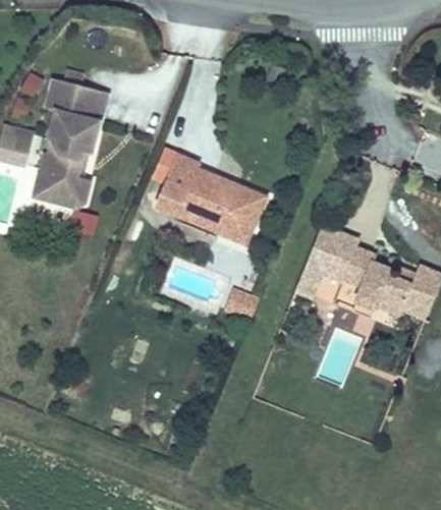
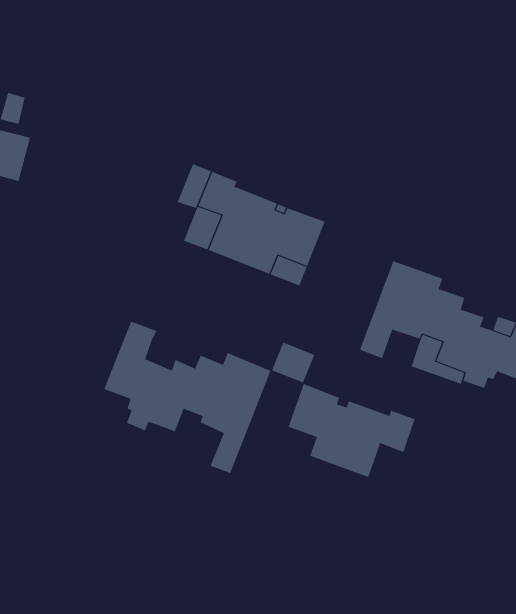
building: [31,73,110,208] -> none
building: none -> [103,321,271,474]
building: none -> [288,383,415,478]

